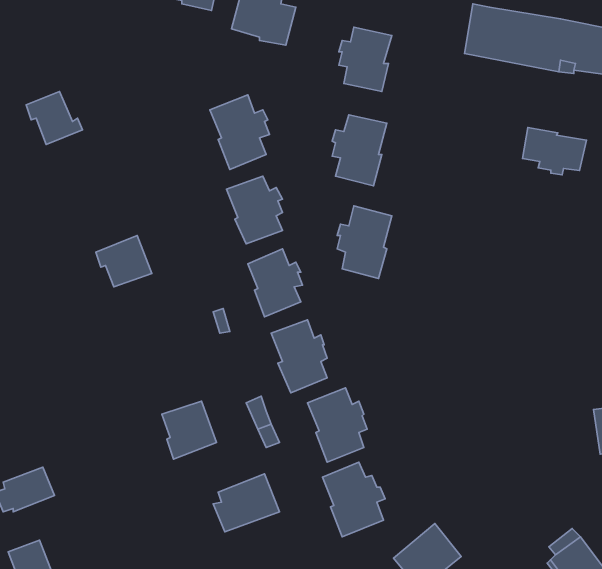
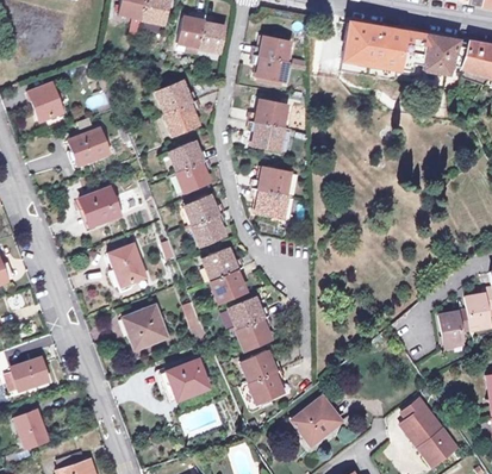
building: [523,128,586,175] -> none
building: none -> [71,132,108,166]
building: none -> [102,244,144,295]

